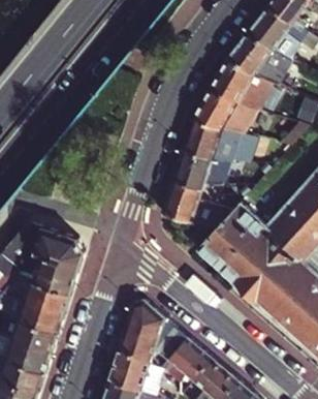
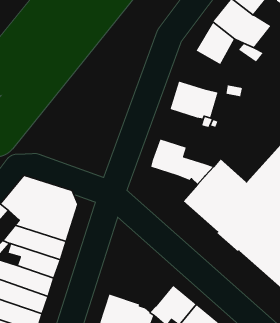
building: [191,89,236,130] -> none
building: [171,152,211,192] -> none
building: [117,302,186,363] -> none

